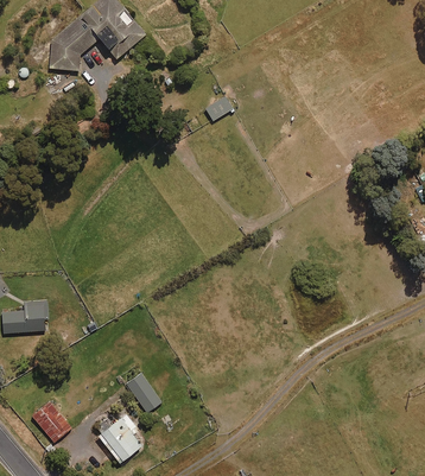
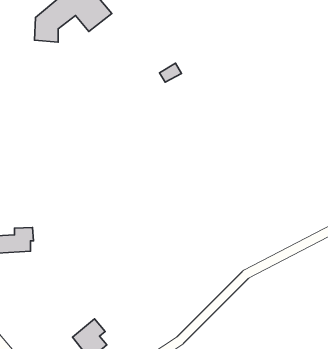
building: [127,373,161,412] -> none
building: [32,401,71,442] -> none

